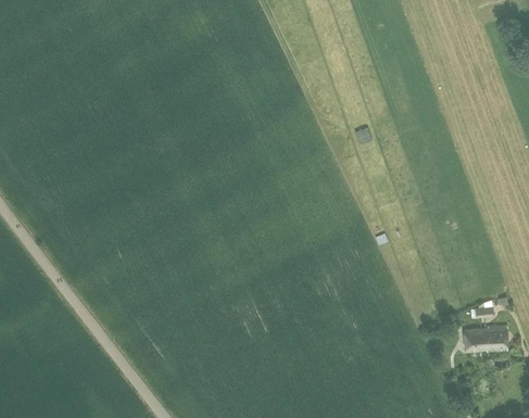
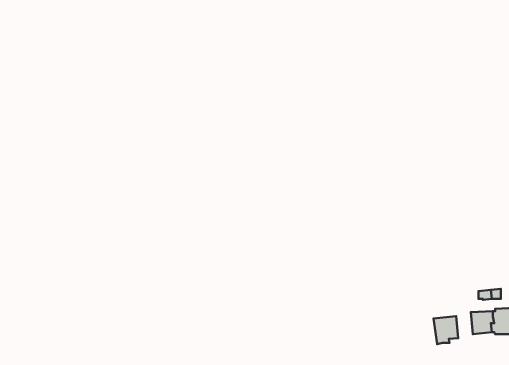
building: none -> [433,316,458,344]

